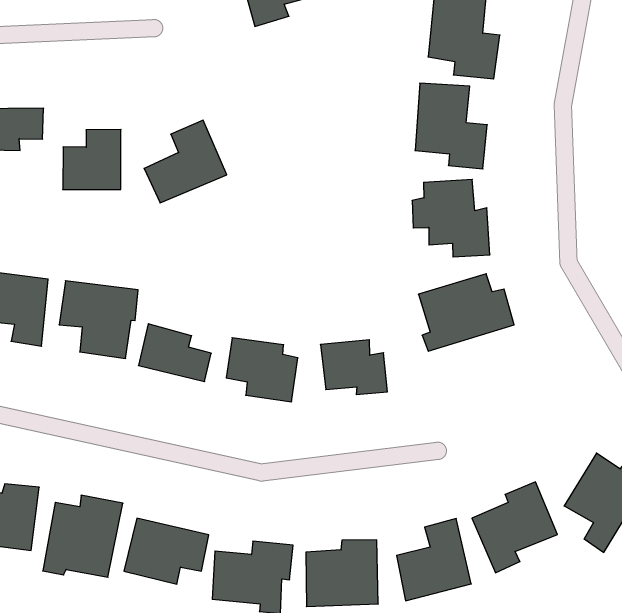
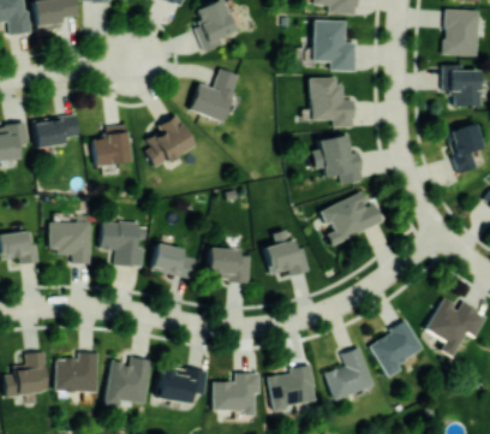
building: none -> [190,69,240,123]

